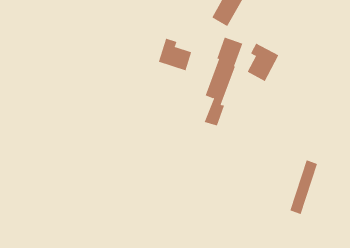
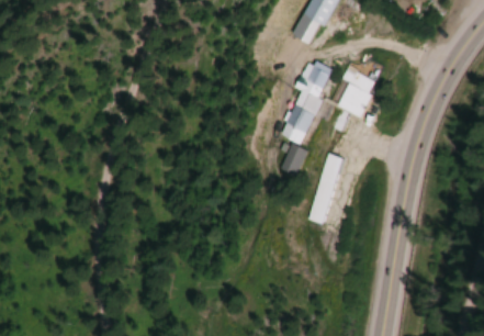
building: [158,38,192,71] -> none
building: [289,159,318,215] -> [308,152,346,224]

